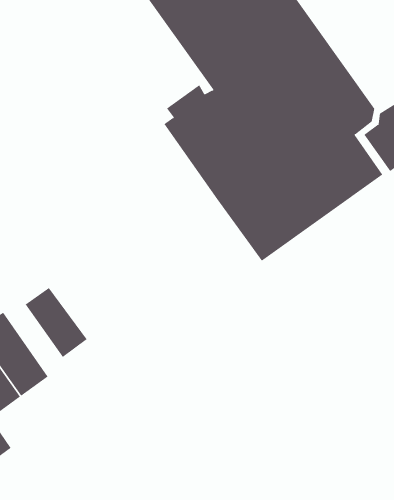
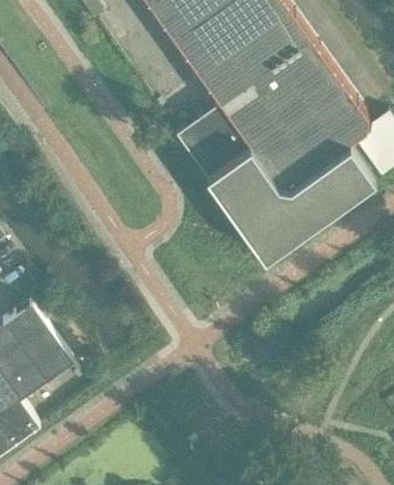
building: [25,287,87,358] -> none

